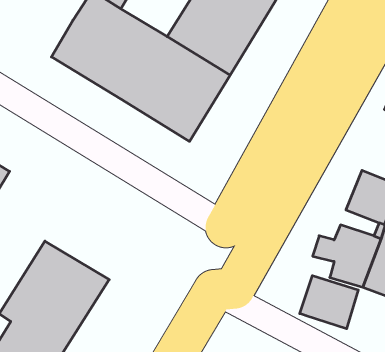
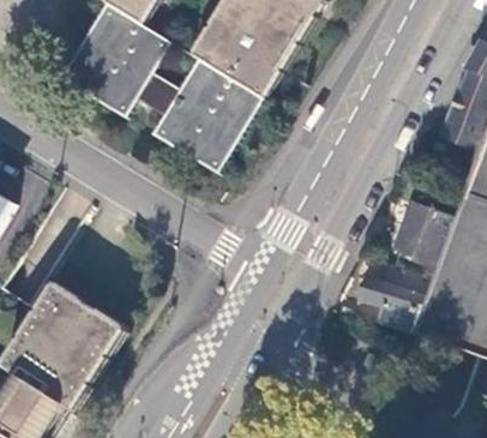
building: [300,276,358,329] -> none

